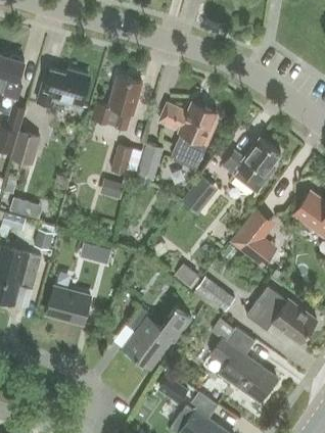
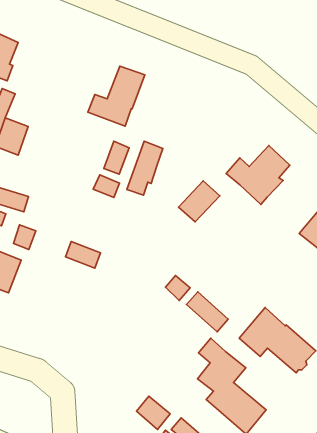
building: [37,70,89,109] -> none
building: [158,104,215,170] -> none
building: [231,208,277,267] -> none
building: [44,285,92,327] -> none
building: [124,307,191,369] -> none

